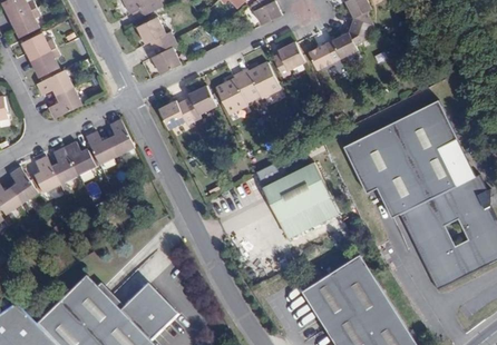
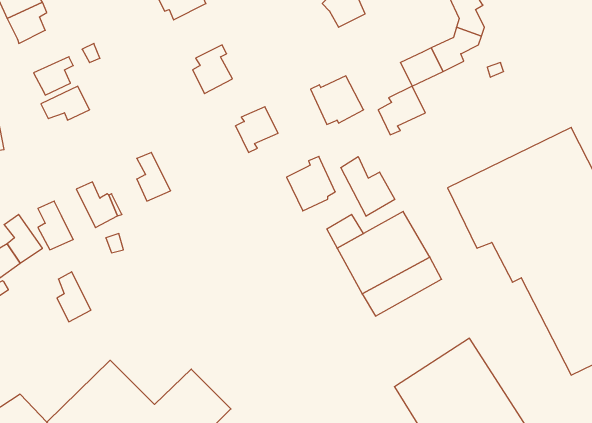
building: [136,17,173,48] -> none
building: [21,31,57,59] -> none
building: [269,40,304,77] -> [378,86,425,135]
building: [215,71,252,112] -> [287,156,335,211]
building: [48,87,80,117] -> none
building: [157,99,193,128] -> none
building: none -> [341,157,395,216]
building: [85,130,116,165] -> none
building: [51,147,77,185] -> [57,272,91,322]

